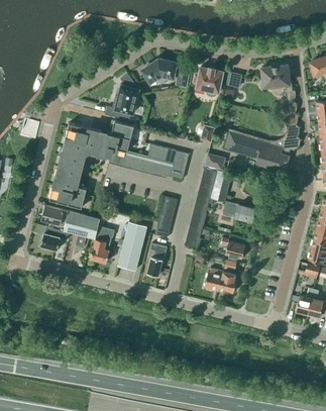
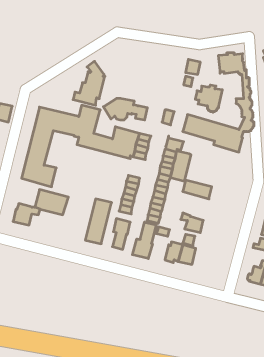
building: [142,61,190,84] -> [103,98,147,120]
building: [193,68,222,97] -> [195,85,222,112]
building: [41,206,69,231] -> none
building: [90,226,114,263] -> none
building: none -> [132,222,156,259]

